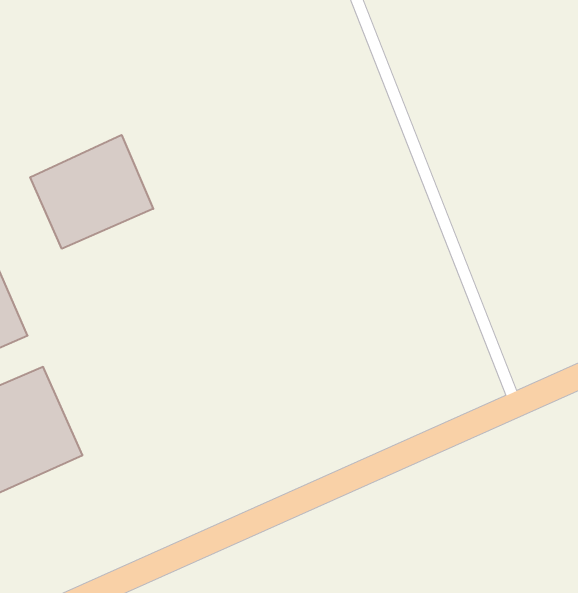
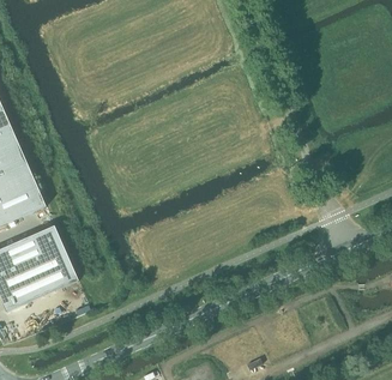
building: [30,135,153,249] -> none

